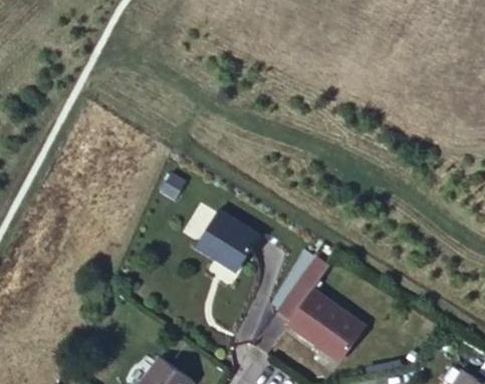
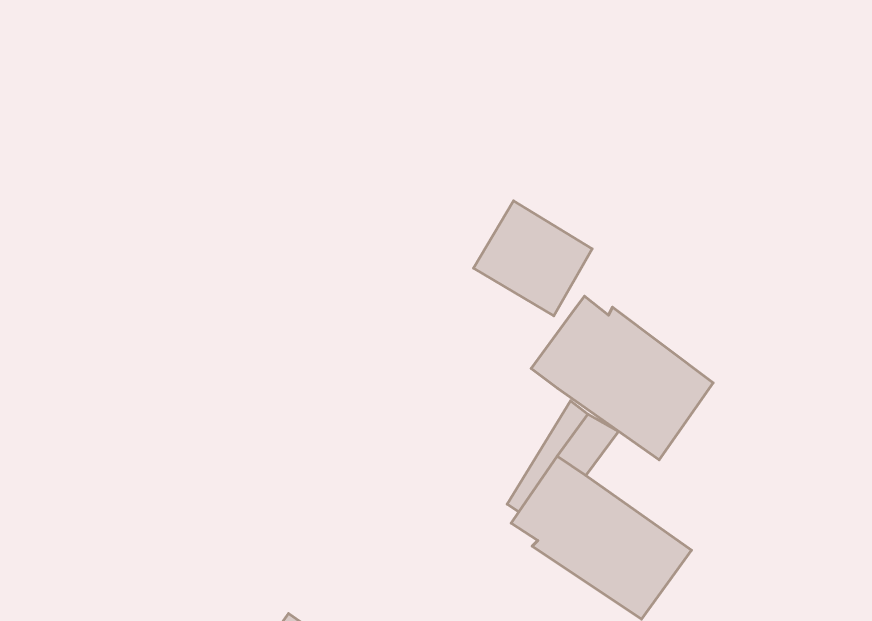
building: none -> [531,296,713,460]
building: [198,208,260,268] -> [473,201,592,316]

